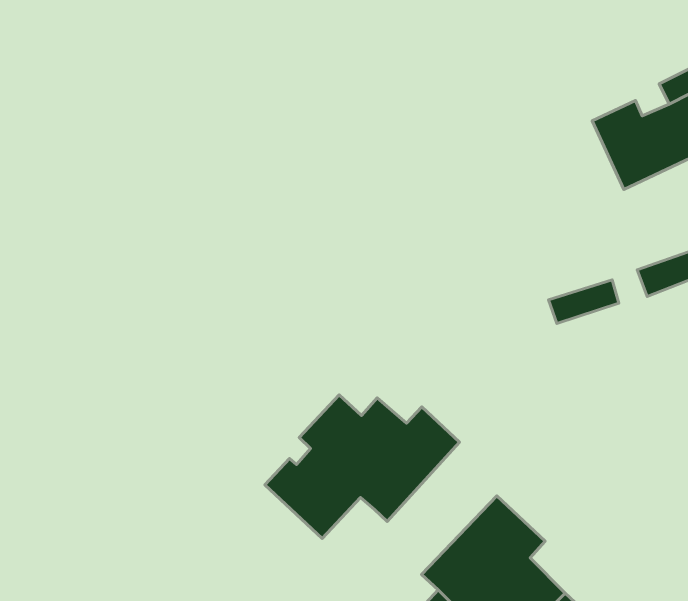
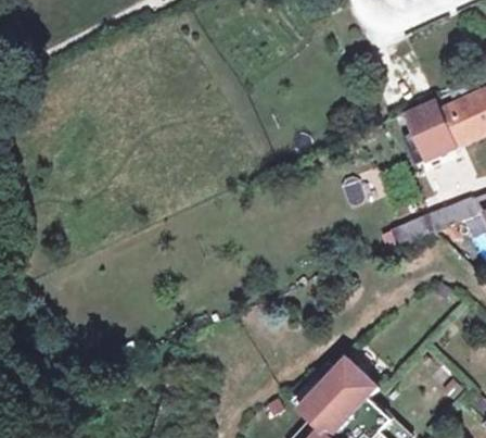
building: [265,395,460,538] -> none

